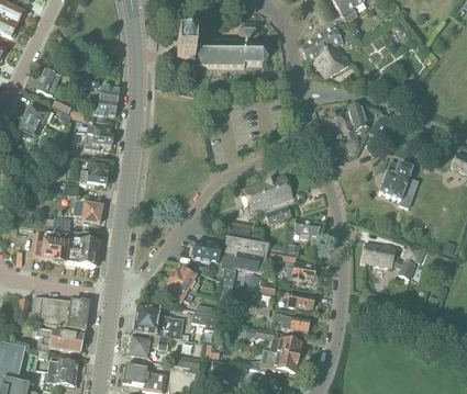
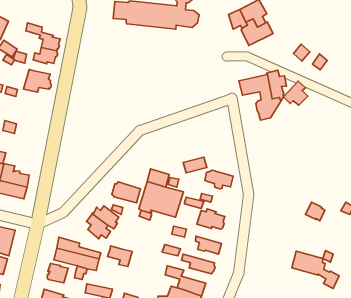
building: [379,158,414,206] -> none
building: [79,165,108,185] -> none
building: [244,172,292,210] -> none
building: [74,201,102,223] -> none
building: [362,240,414,278] -> [292,251,339,289]

